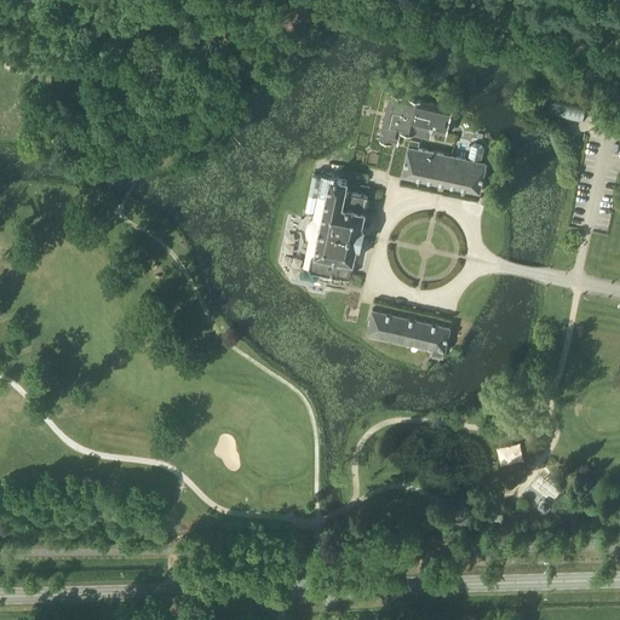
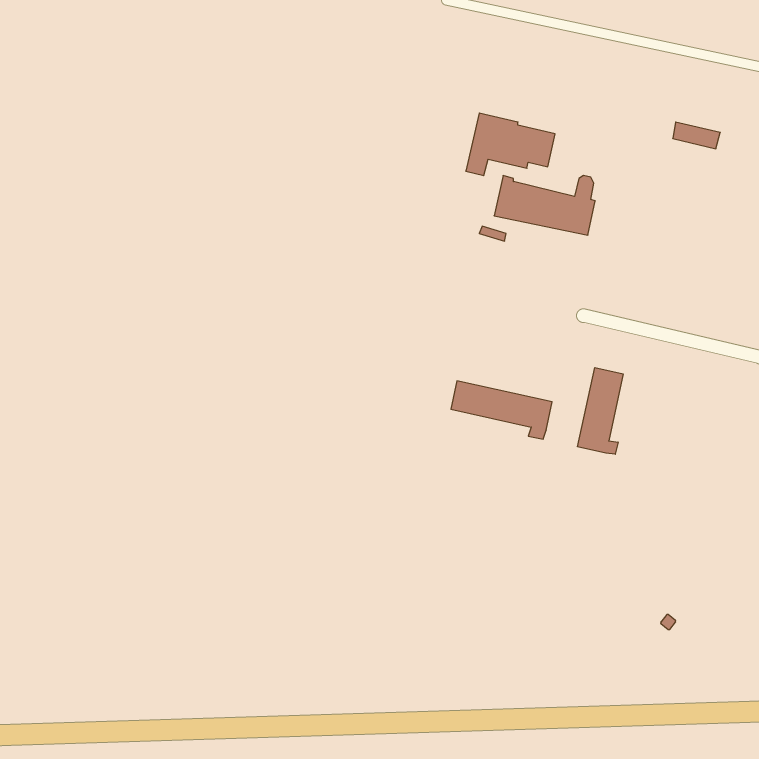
building: [304,177,367,277] -> none
building: none -> [578,368,623,454]

